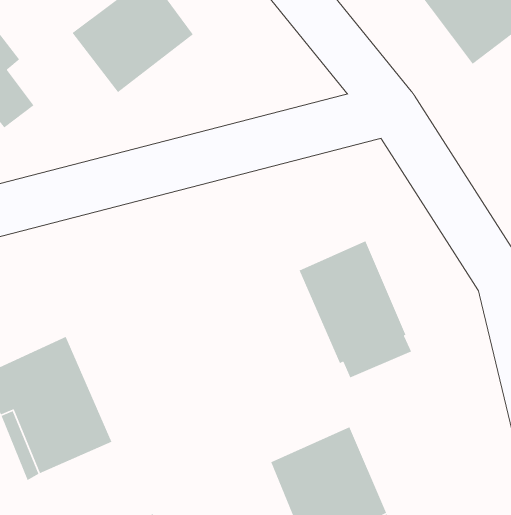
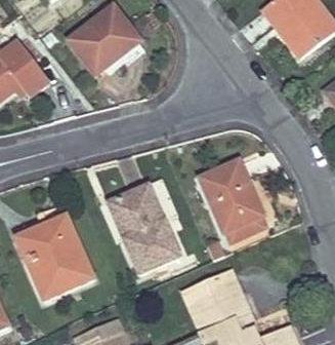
building: none -> [108,184,180,273]

